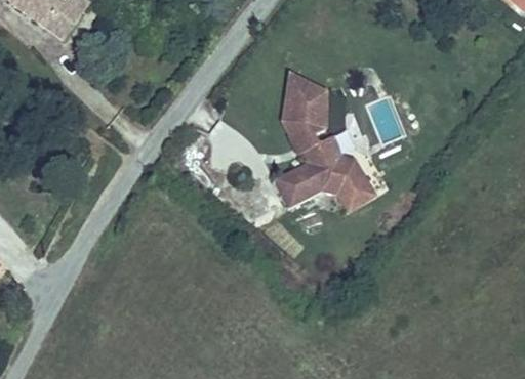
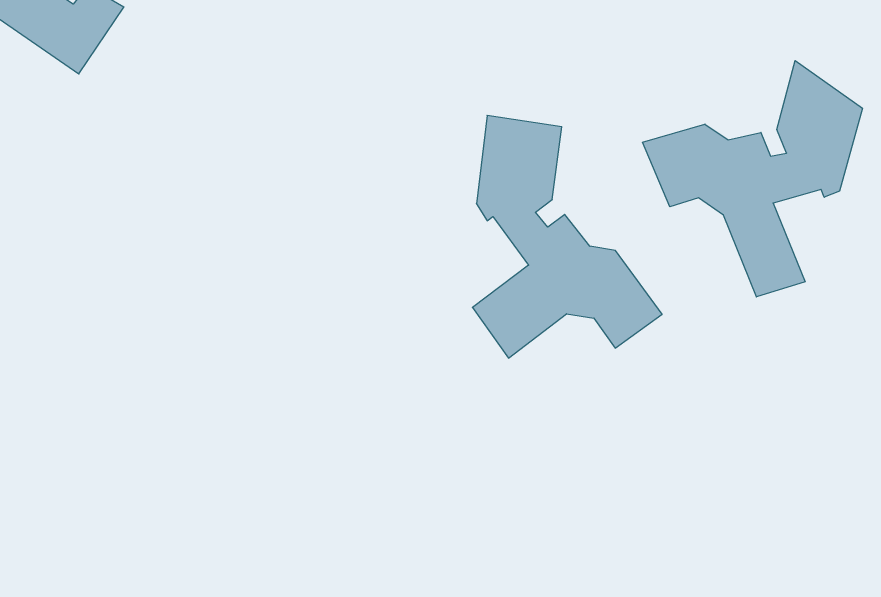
building: none -> [642,61,862,297]

